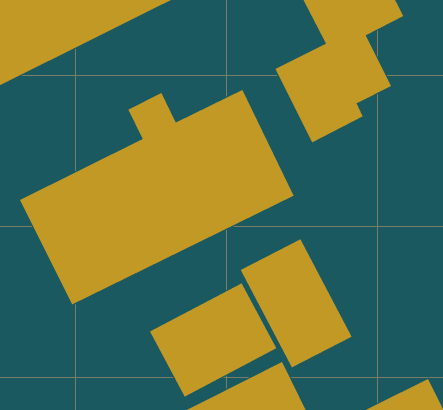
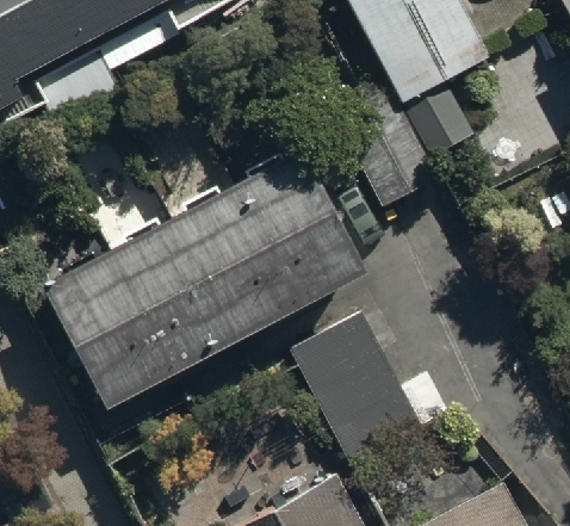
building: [149,282,277,397] -> none

